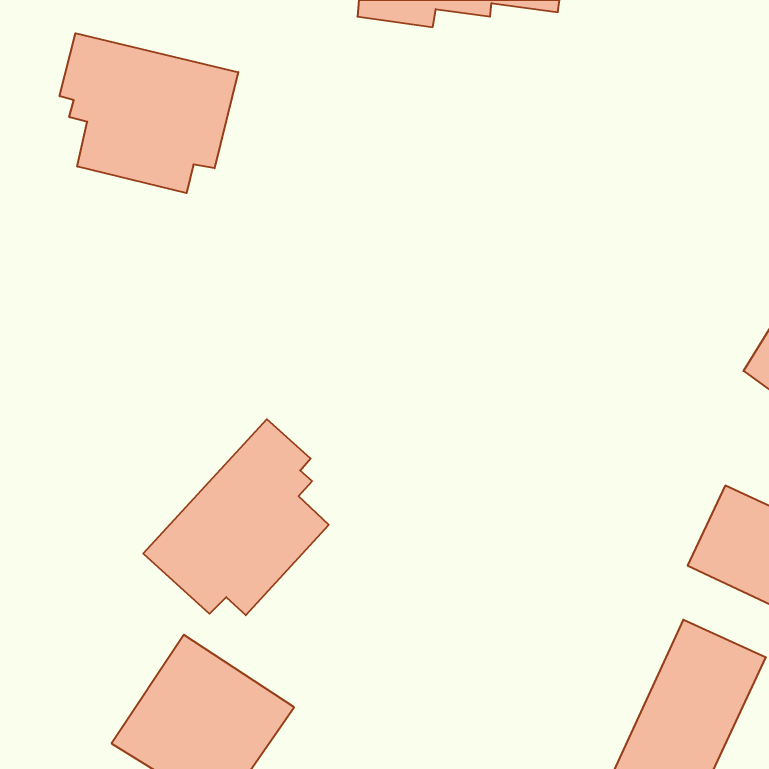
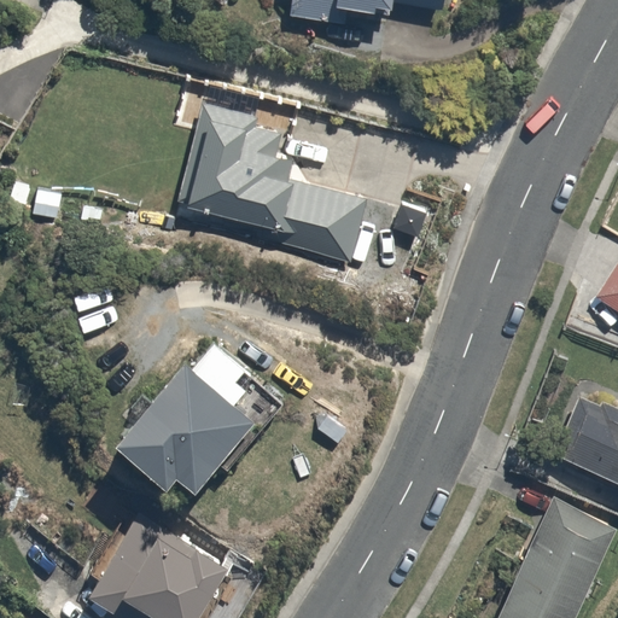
building: [60,33,238,193] -> none
building: none -> [176,101,365,263]

